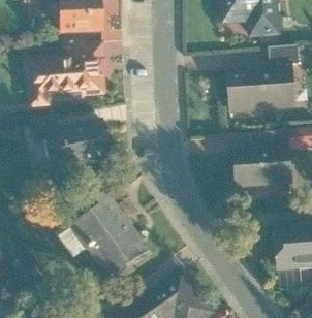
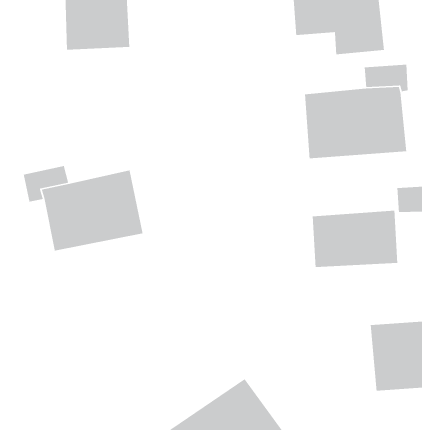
building: [25,43,110,112] -> none
building: [73,197,152,285] -> none

